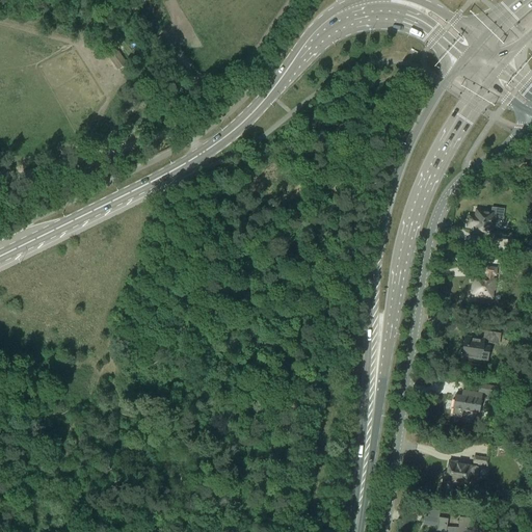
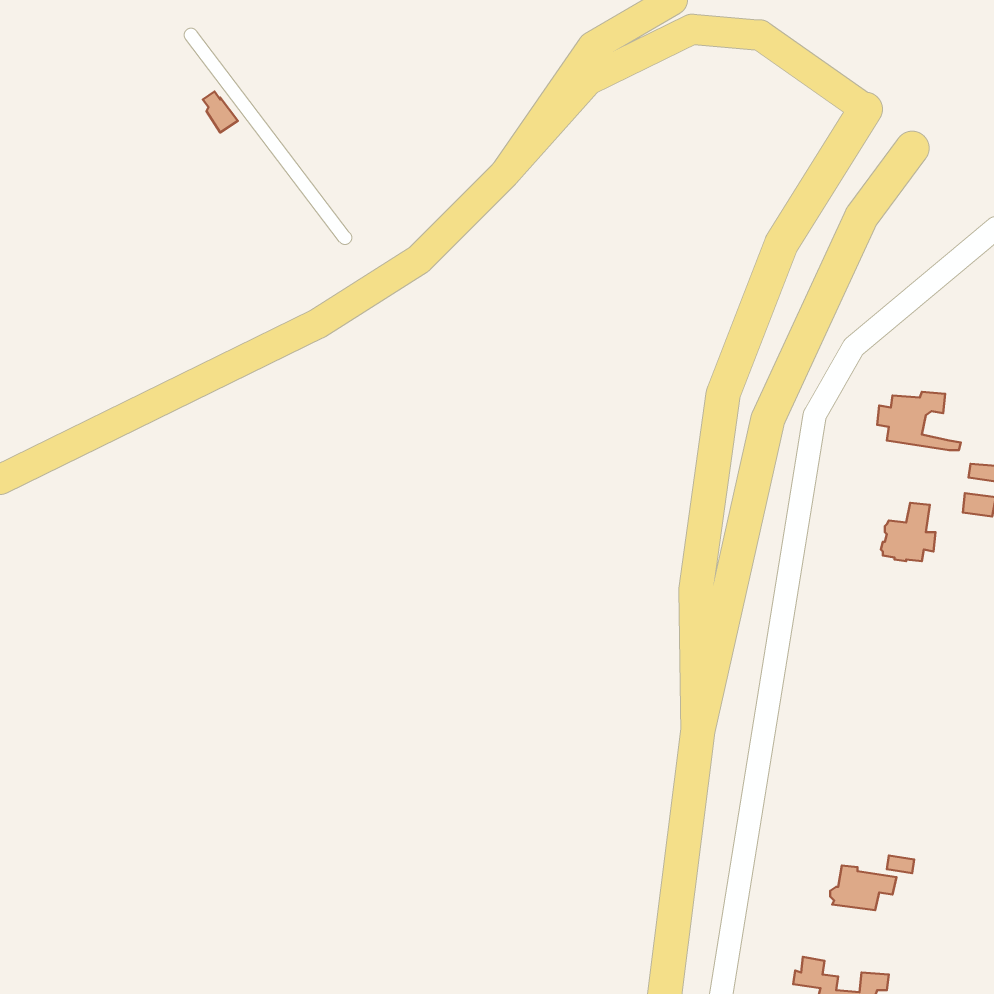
building: [461,334,501,363] -> none
building: [454,385,503,417] -> none

